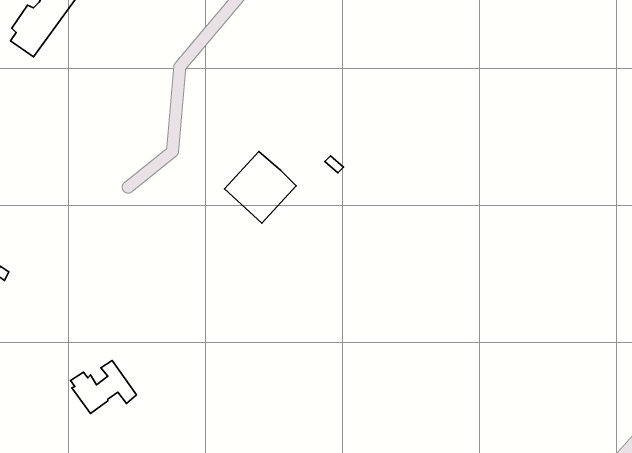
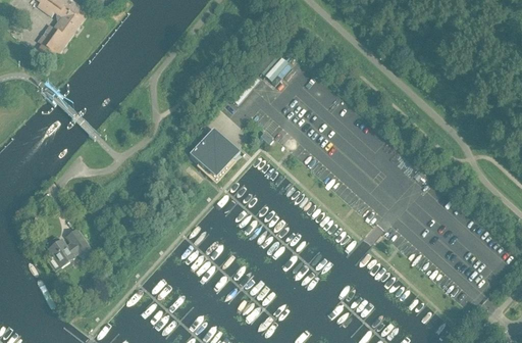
building: [71,361,137,414] -> [46,226,93,263]

